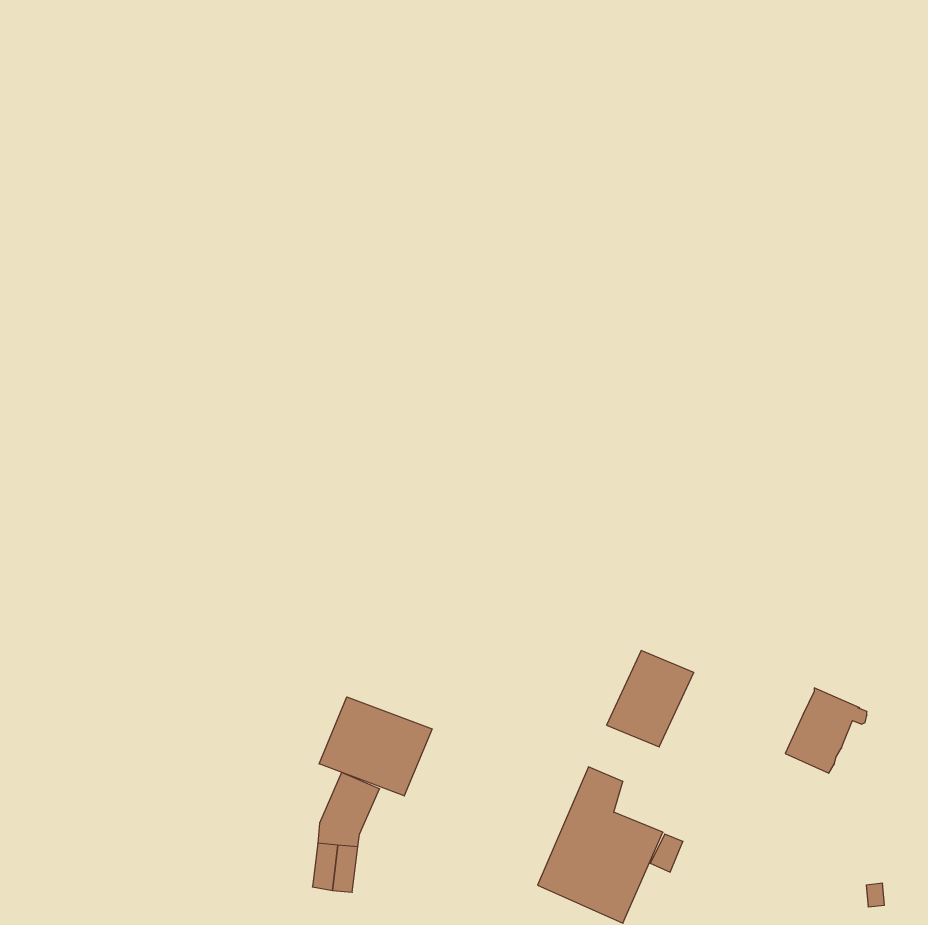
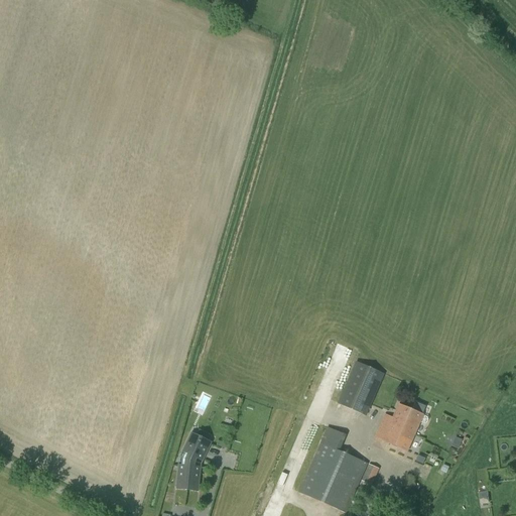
building: [785,688,867,773] -> [382,402,427,449]
building: [319,697,432,796] -> none

